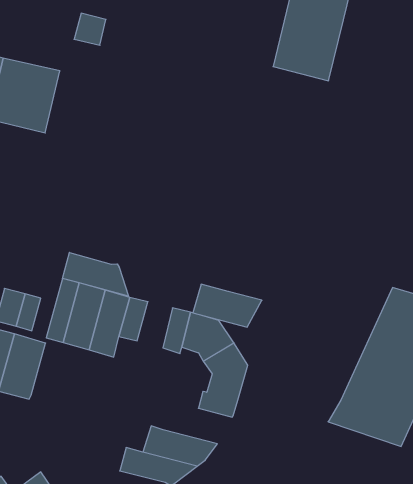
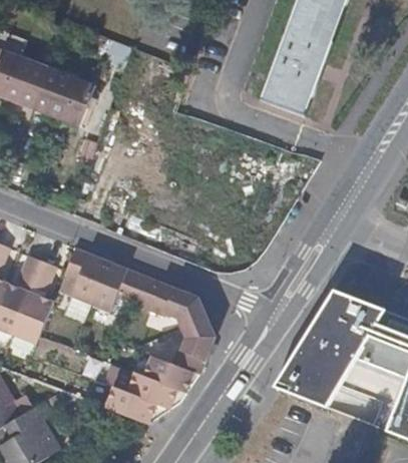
building: [63,252,129,296] -> none
building: [193,284,262,327] -> [142,355,198,393]

